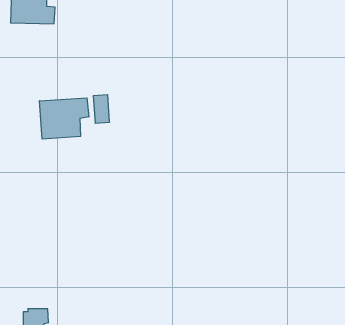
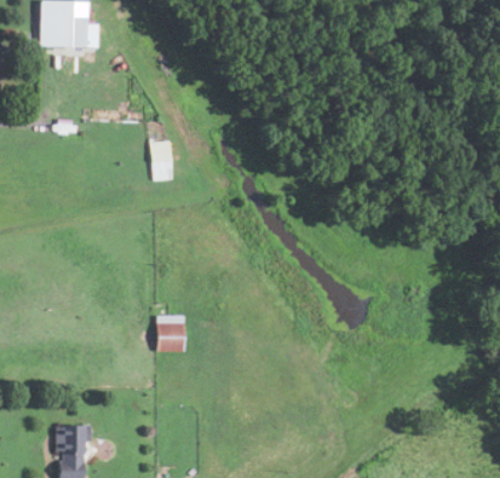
building: [40,98,89,139] -> none
building: none -> [157,317,185,353]

